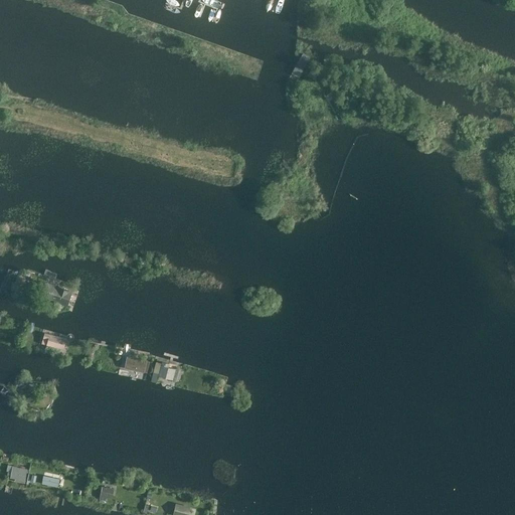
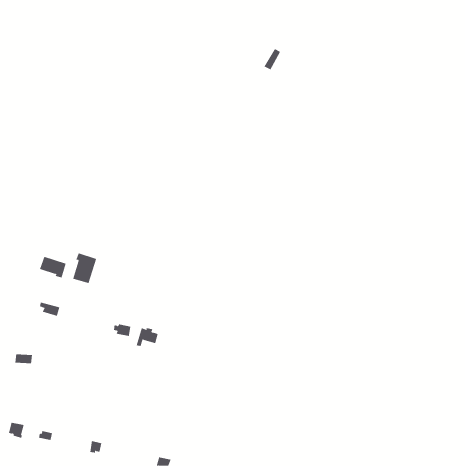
building: none -> [72,252,97,284]

